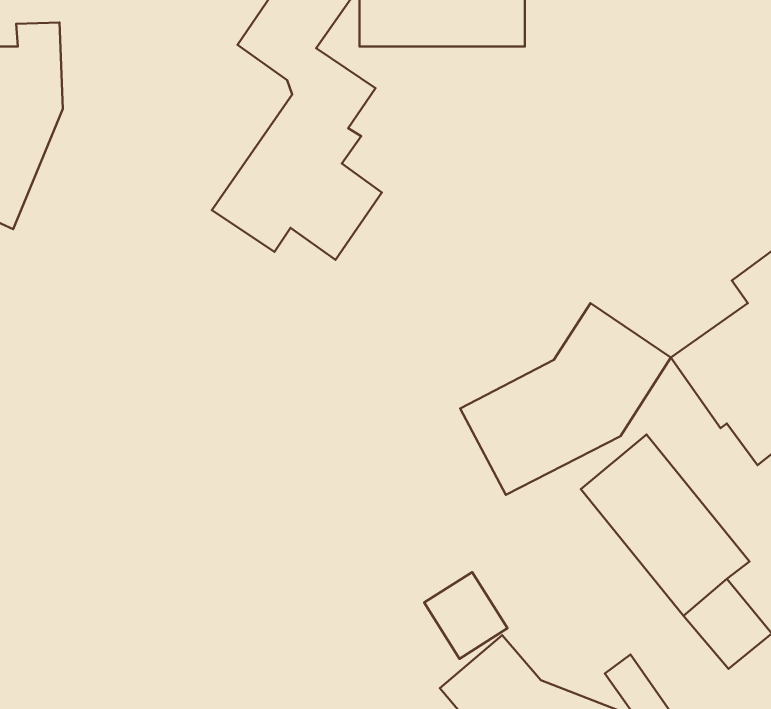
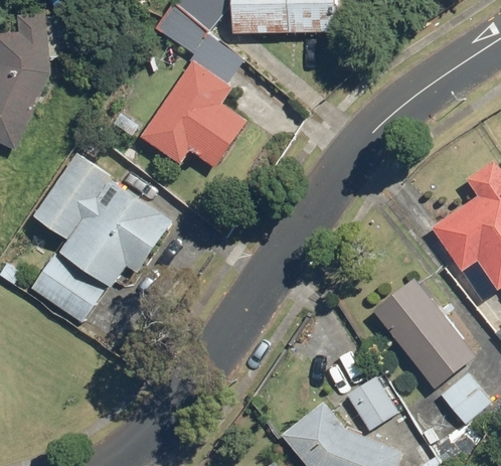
building: none -> [33,153,174,321]
building: [460,303,671,495] -> none
building: [424,572,508,659] -> [345,376,397,431]

